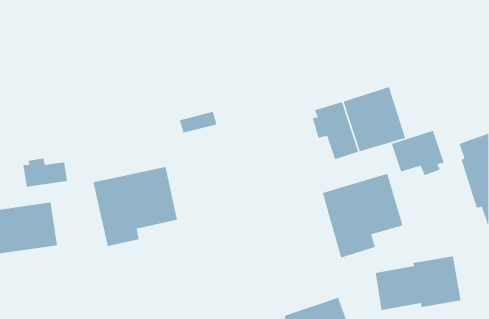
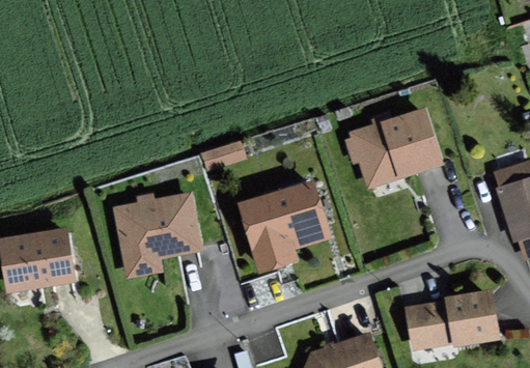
building: [391,130,445,176] -> none
building: [23,157,68,188] -> none
building: [322,173,404,258] -> [238,185,324,275]

